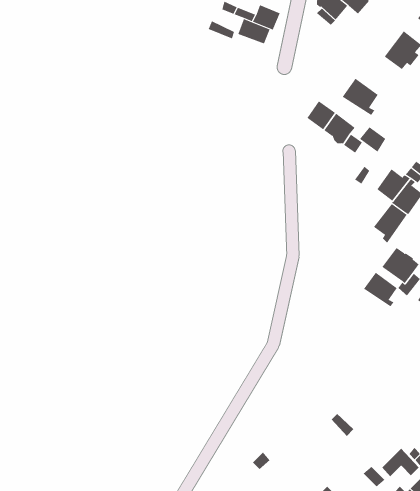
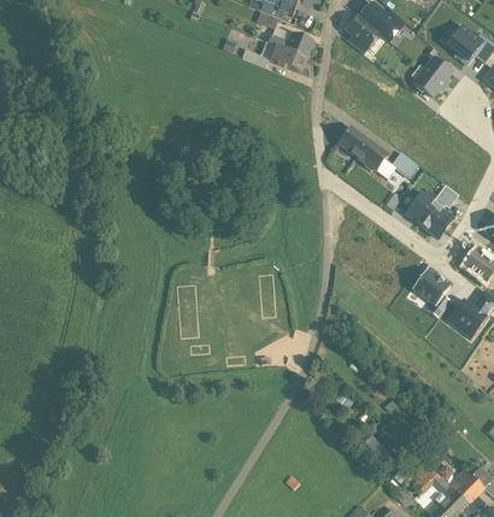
building: [342,78,379,116] -> none
building: [373,203,408,243] -> none
building: [363,272,397,307] -> none

